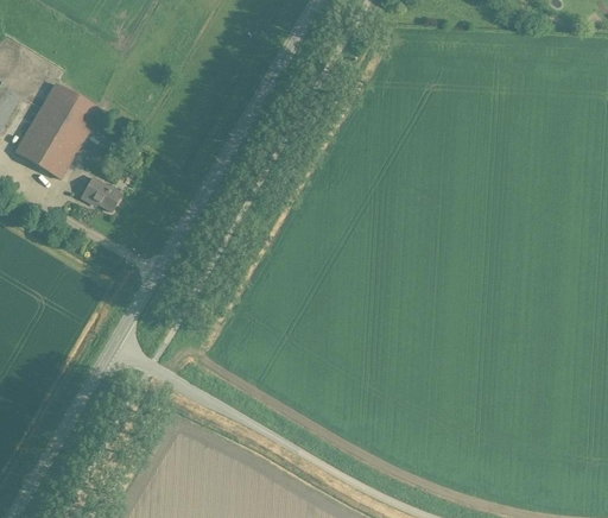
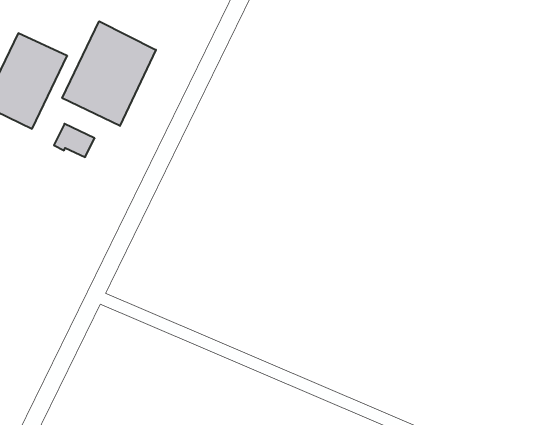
building: none -> [62,21,156,126]

